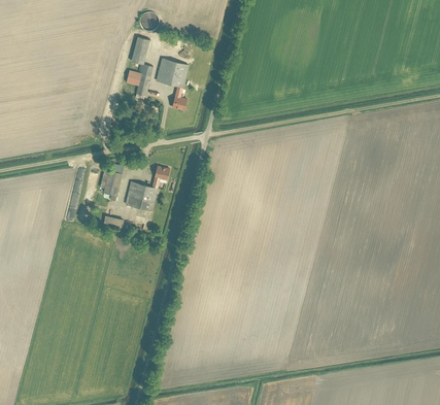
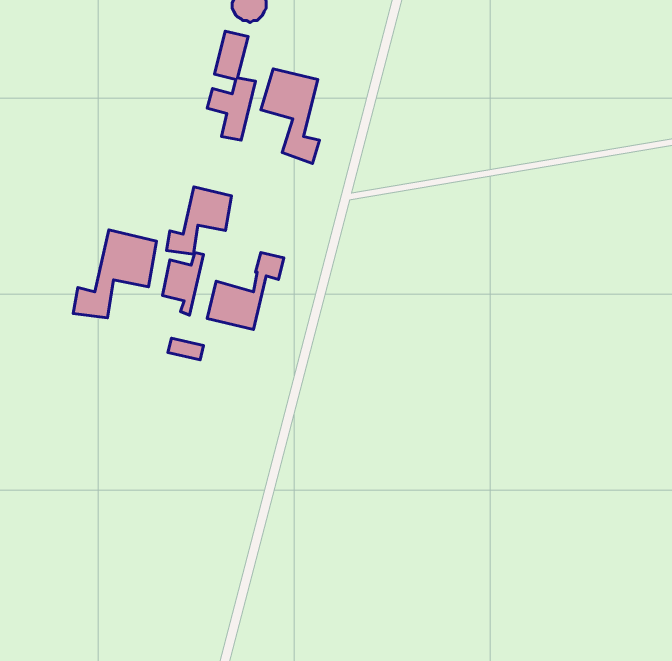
building: none -> [166,187,232,254]
building: none -> [73,230,156,318]

